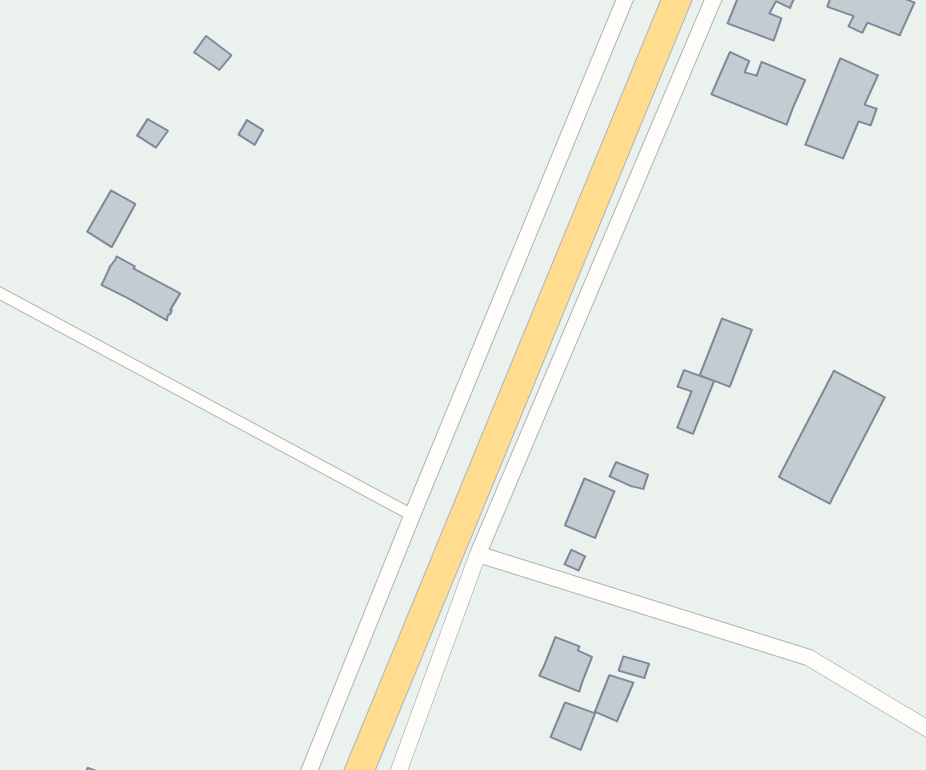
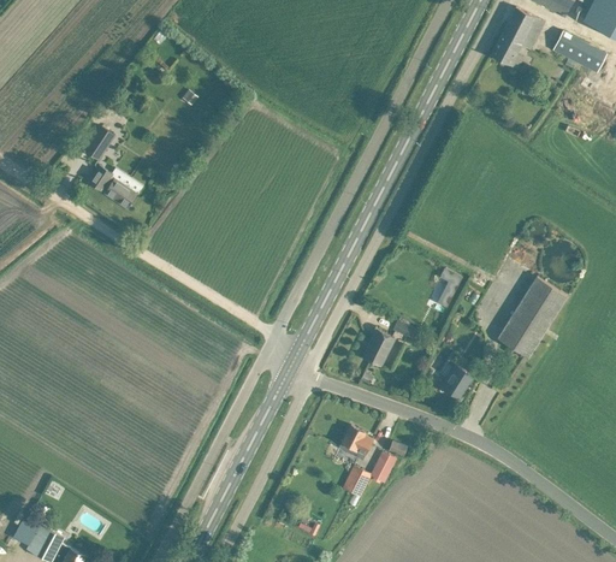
building: [711,52,805,125] -> none
building: [805,58,878,159] -> none
building: [700,318,752,387] -> none
building: none -> [440,365,473,398]

